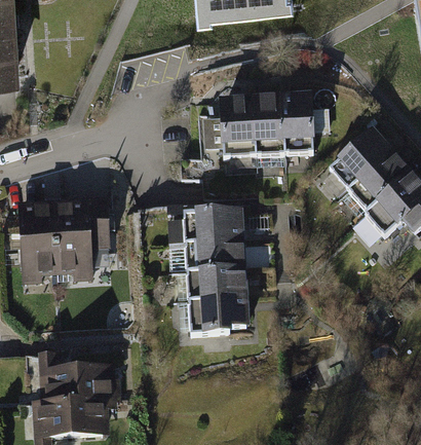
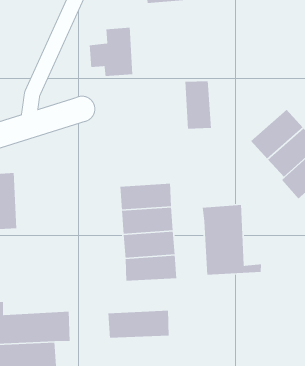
building: [282,96,330,153] -> none
building: [206,99,258,156] -> [89,27,133,77]
building: [59,201,105,269] -> none
building: none -> [202,204,262,275]
building: none -> [107,310,170,338]

